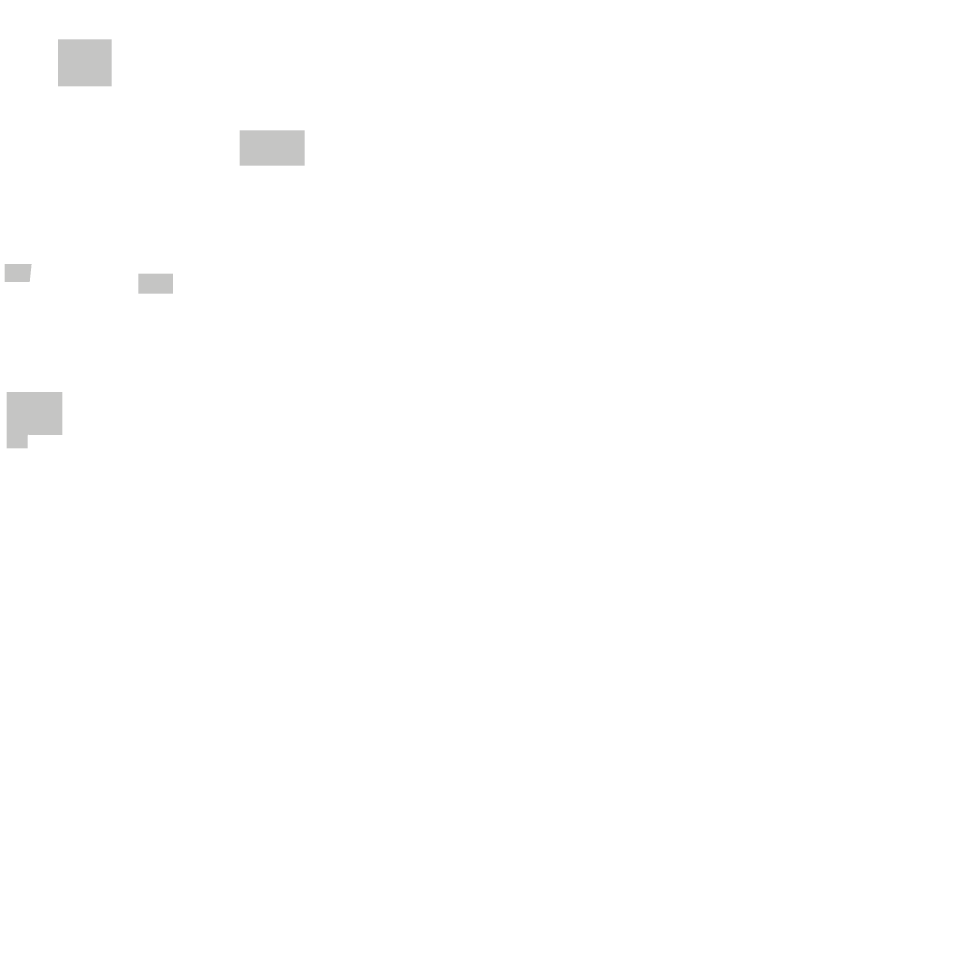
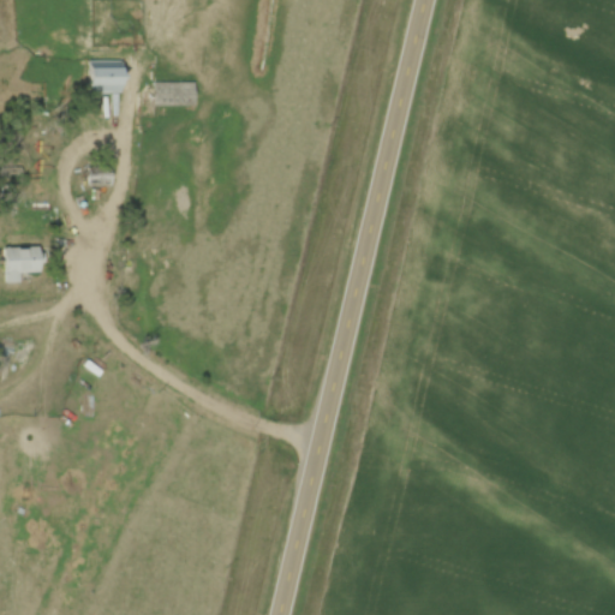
building: [57,39,112,87] -> [90,60,125,90]

